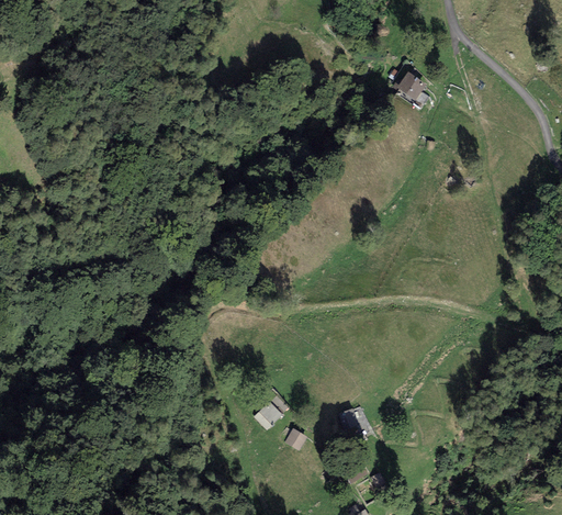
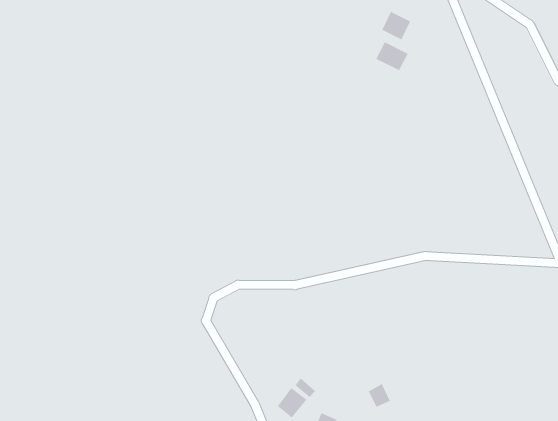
building: none -> [375,41,409,71]

